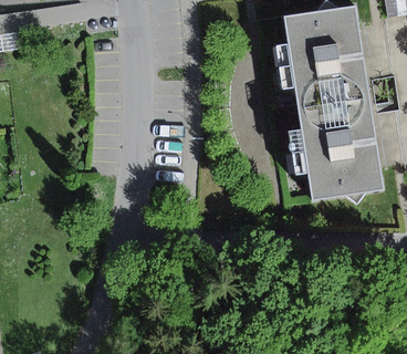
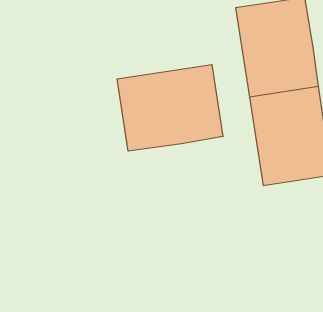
building: none -> [117,64,223,151]

